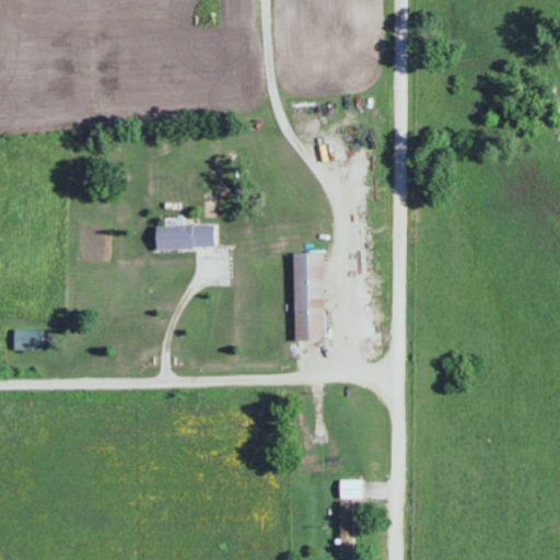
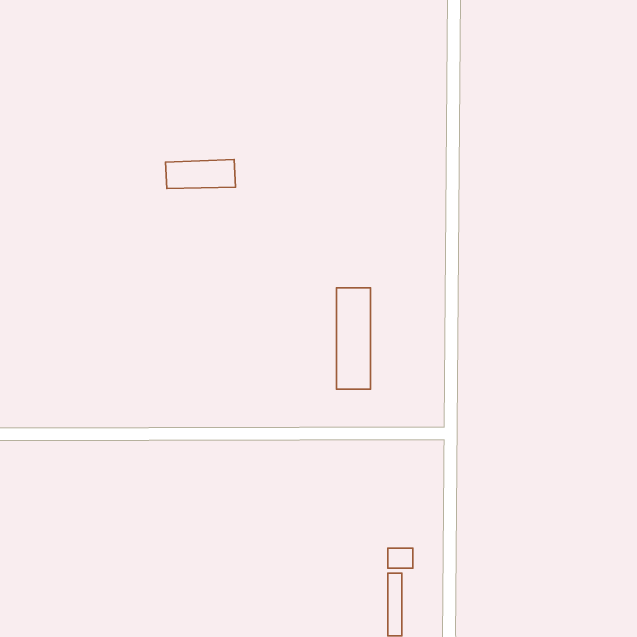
building: [152,223,213,248] -> [165,160,236,188]
building: [12,329,39,349] -> none

